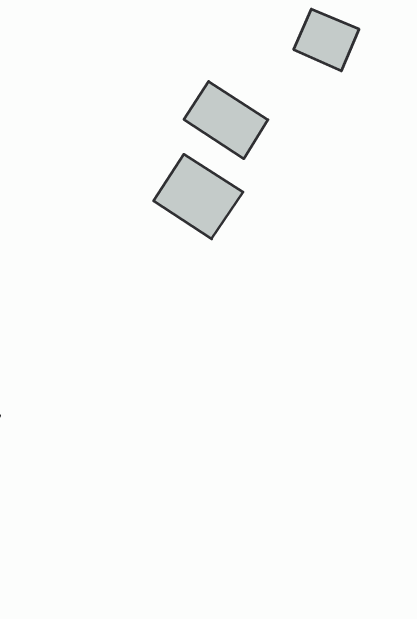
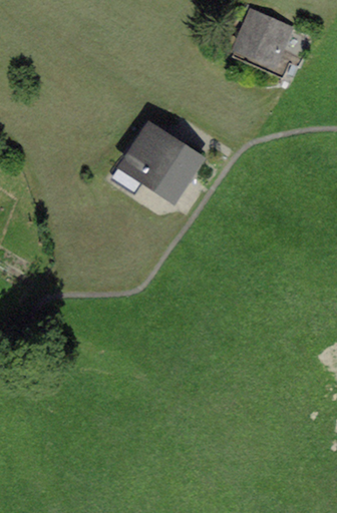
building: [184,81,268,159] -> none

